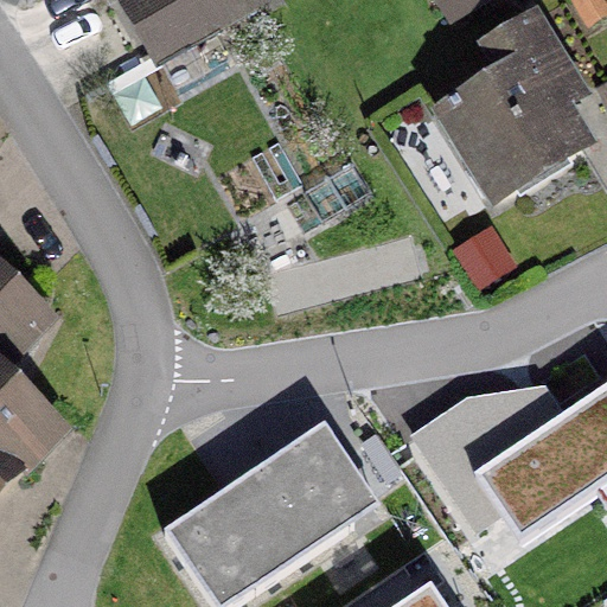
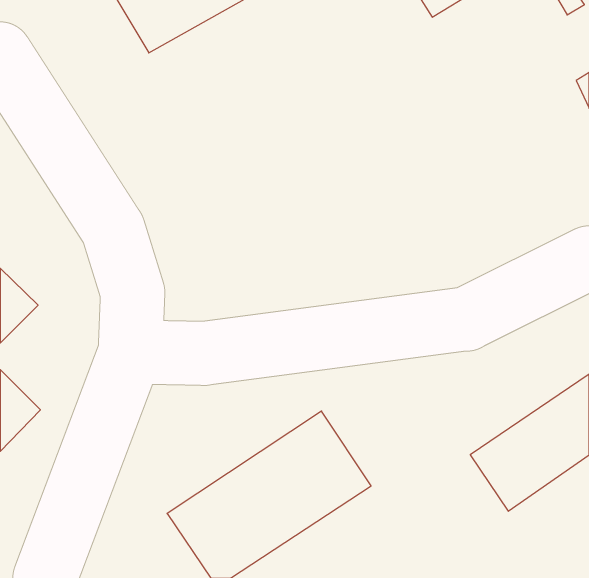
building: [442,18,577,193] -> none

